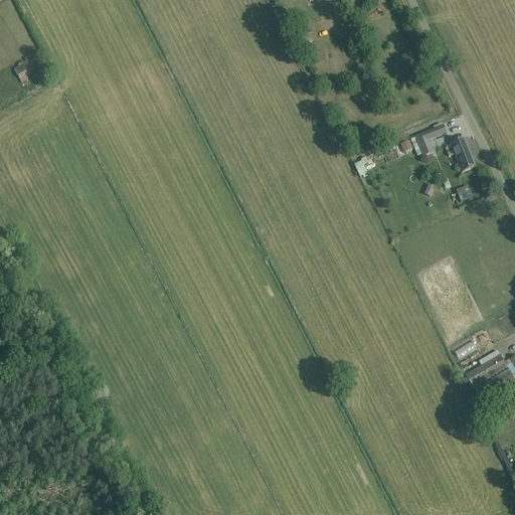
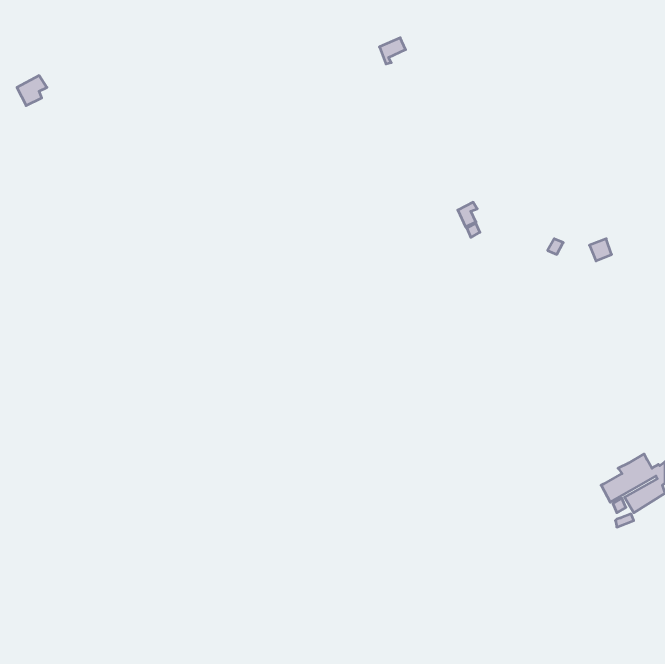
building: [413,125,446,156] -> none
building: [450,138,475,171] -> none

